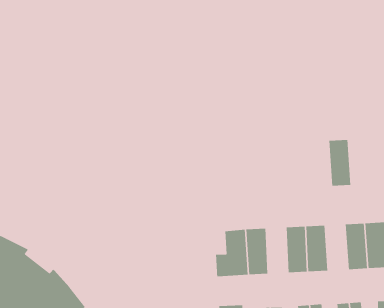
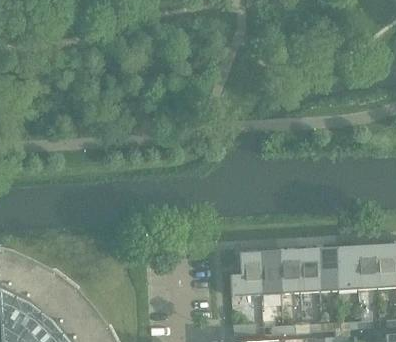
building: [328,139,351,186] -> [338,245,360,290]
building: none -> [281,248,302,293]

